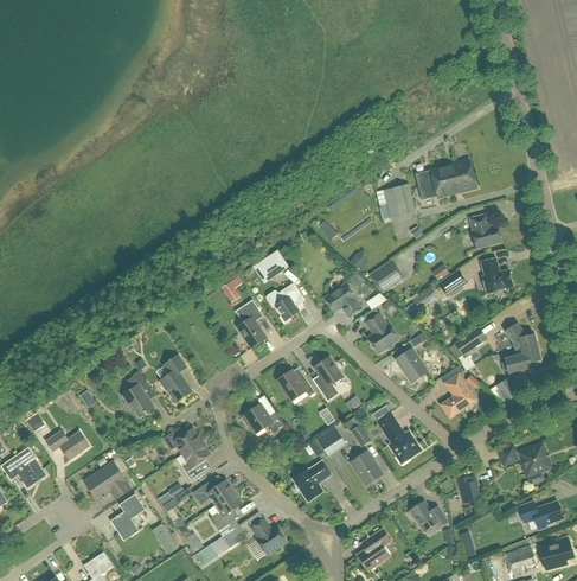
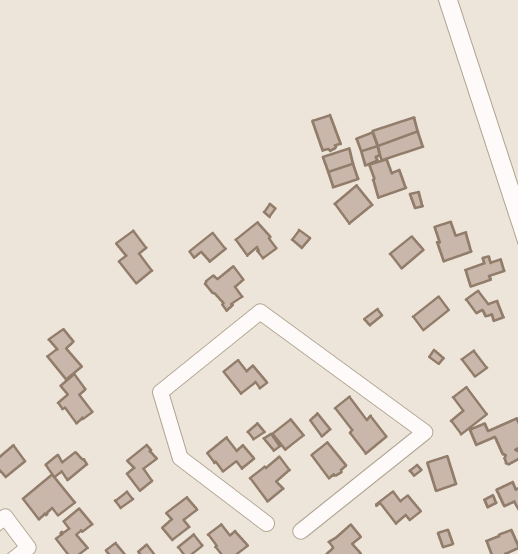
building: none -> [313,115,341,151]
building: [469,213,501,248] -> [369,159,406,198]
building: [370,257,404,292] -> [335,185,372,224]
building: [323,282,360,315] -> [236,222,276,258]
building: [235,299,265,347] -> [116,231,152,283]
building: [365,312,398,352] -> none
building: [504,345,539,371] -> [465,257,504,286]
building: [395,347,427,382] -> none
building: [160,355,191,401] -> [47,329,82,380]
building: [313,356,342,401] -> none
building: [441,374,474,416] -> [451,387,487,434]
building: [241,402,283,433] -> [207,437,254,471]
building: [162,428,200,453] -> [46,452,87,480]
building: [192,479,233,504] -> none

